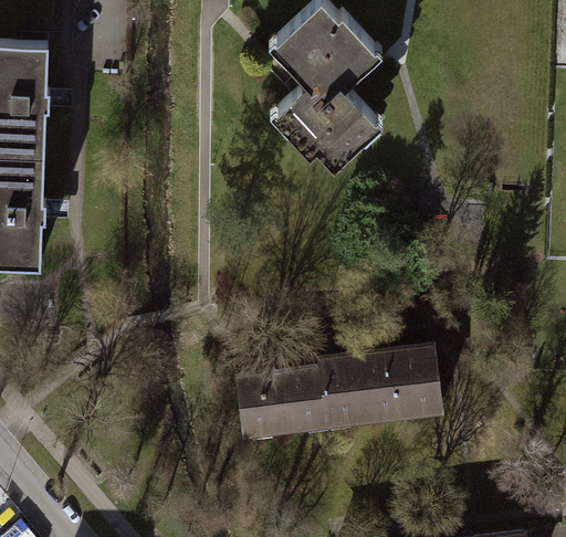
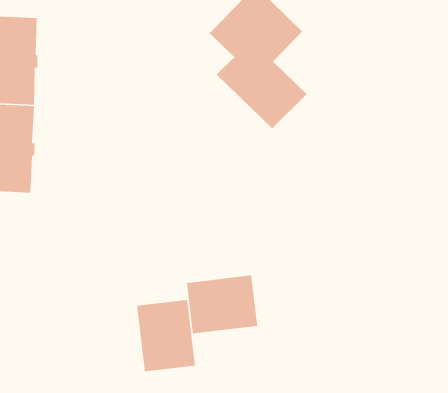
building: [316,341,441,432] -> none
building: none -> [136,299,196,372]

